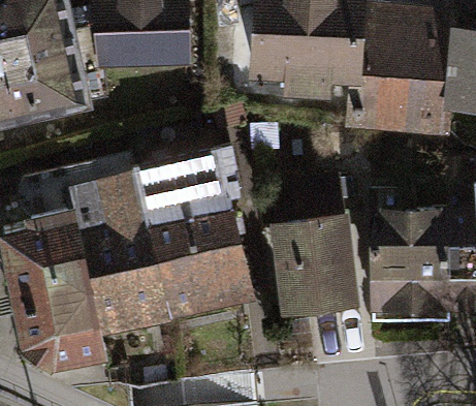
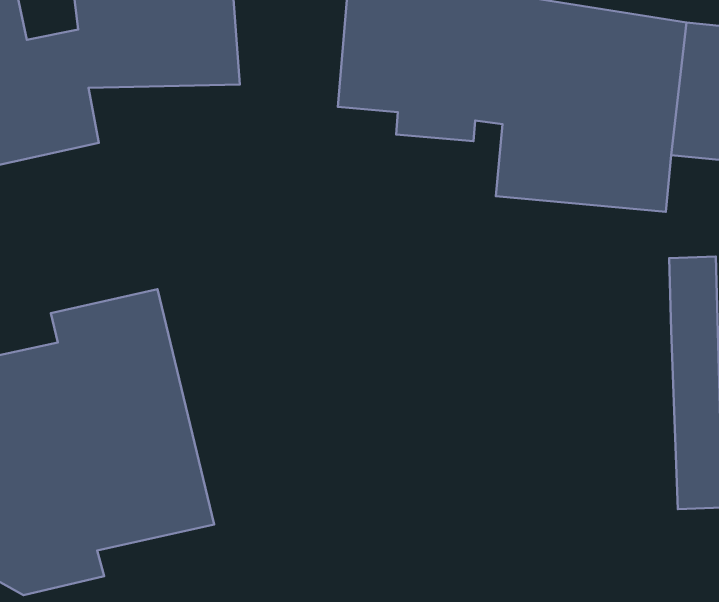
building: [137,161,253,322] -> none
building: [368,187,450,325] -> none
building: [269,212,354,317] -> none

